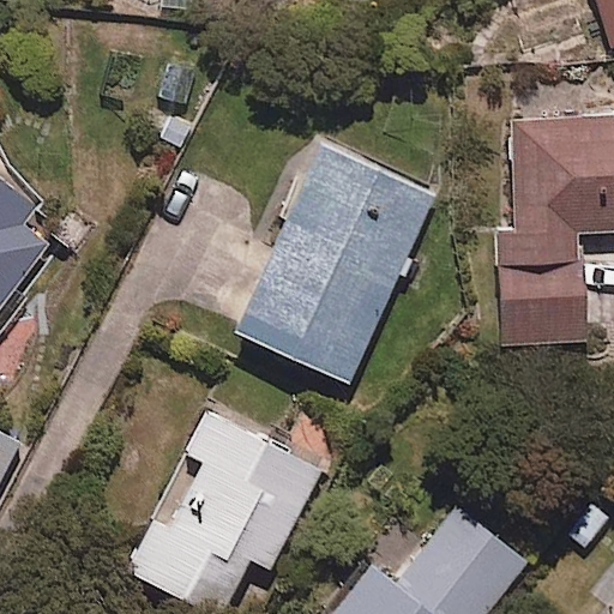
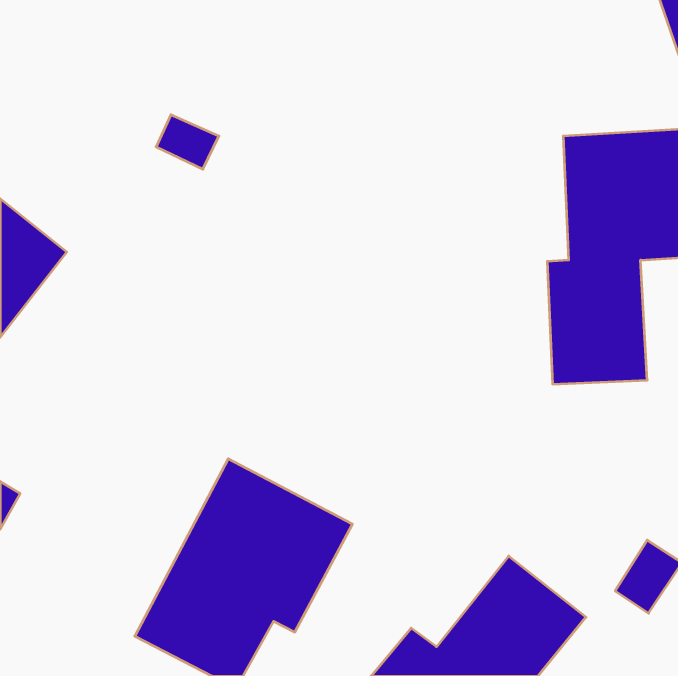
building: [235,146,431,385] -> none

